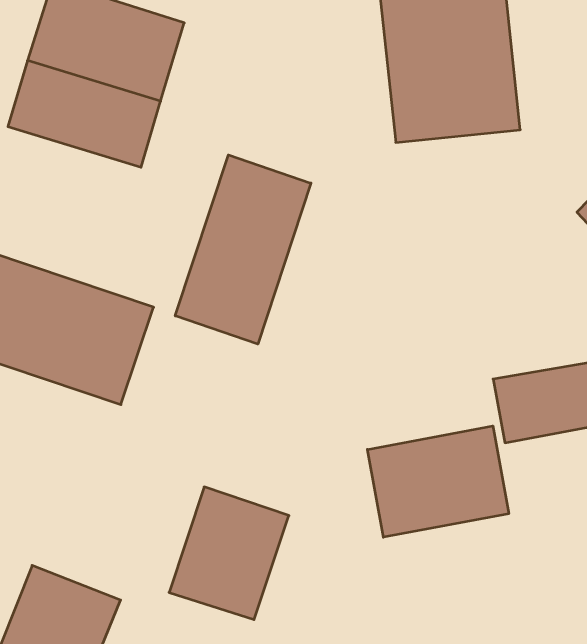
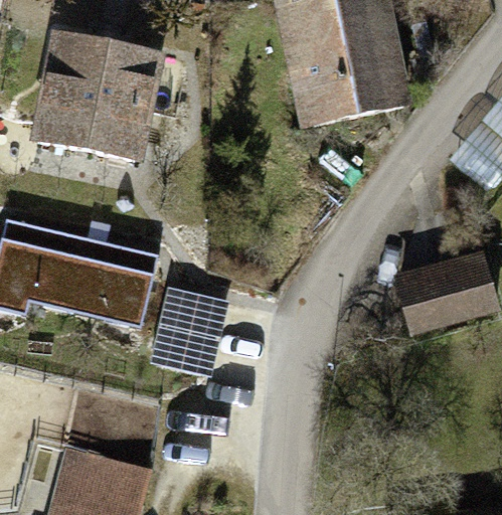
building: [175,155,311,344] -> none
building: [367,426,509,537] -> none
building: [169,487,289,620] -> [150,285,229,375]

